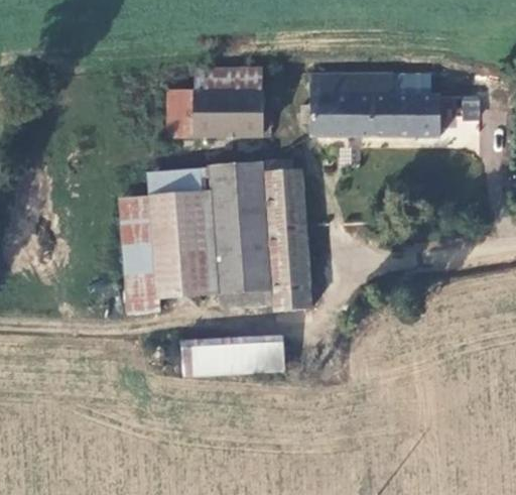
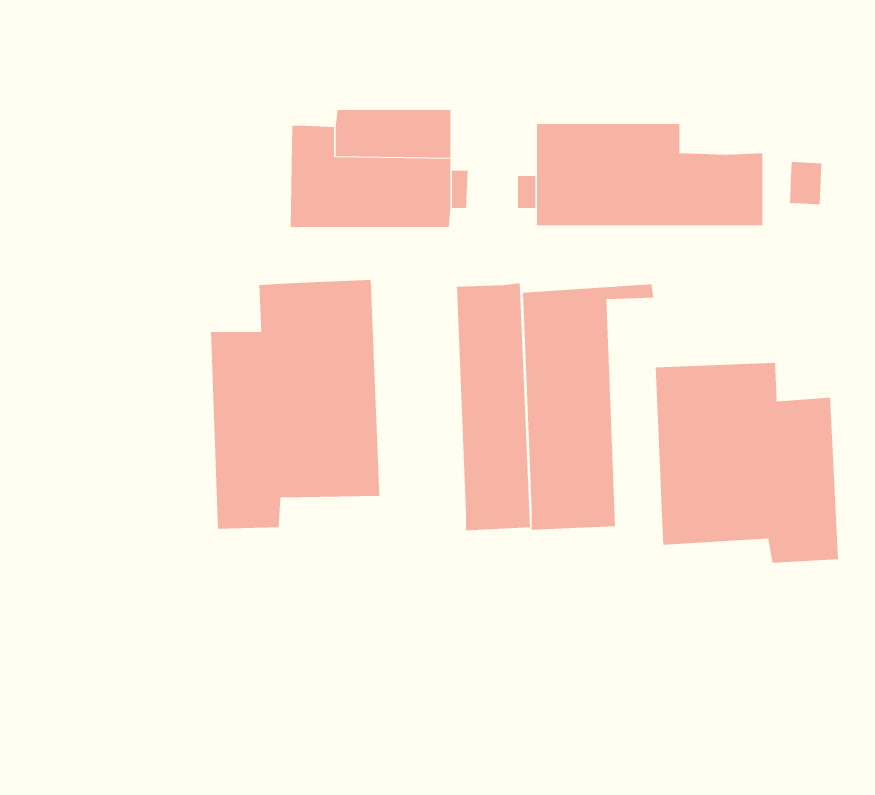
building: [217,161,293,304] -> [522,284,654,530]
building: none -> [655,362,839,563]
building: [178,341,282,377] -> none

